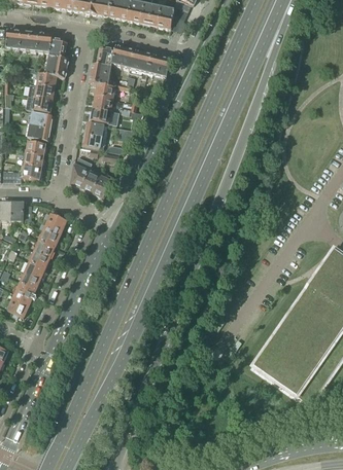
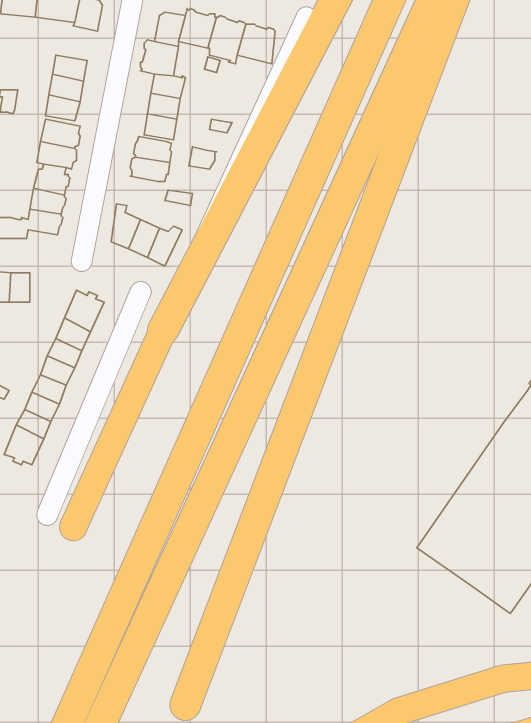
building: [38,53,68,76] -> none

